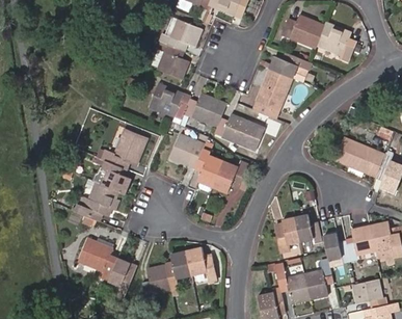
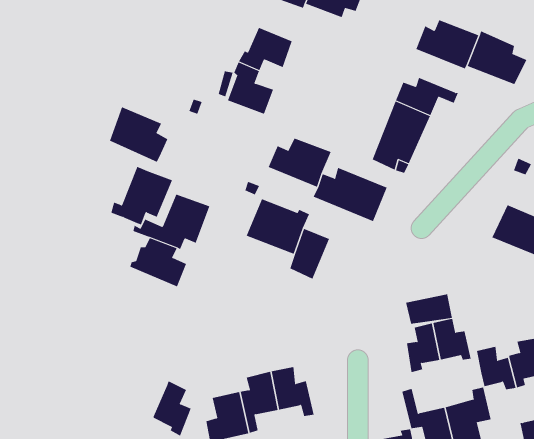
building: [149,82,188,119] -> [109,106,168,162]
building: [214,161,246,192] -> none
building: [76,181,117,220] -> [111,166,173,225]
building: none -> [405,293,452,324]
building: [78,236,116,280] -> none

